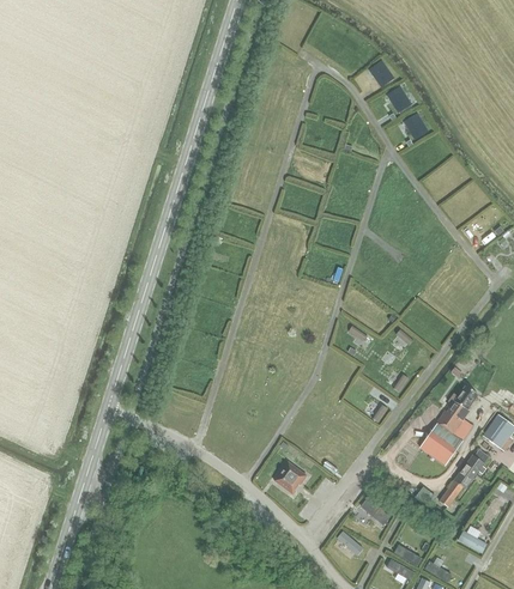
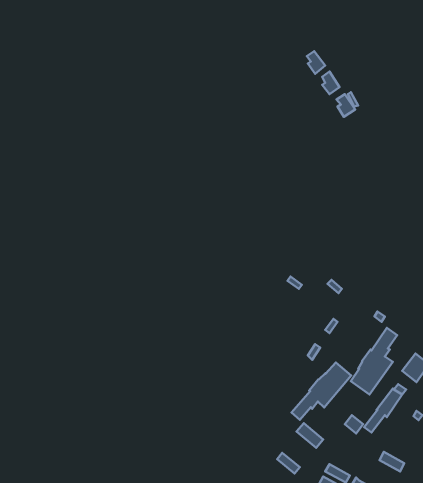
building: none -> [291,362,351,420]
building: [274,461,307,493] -> none

